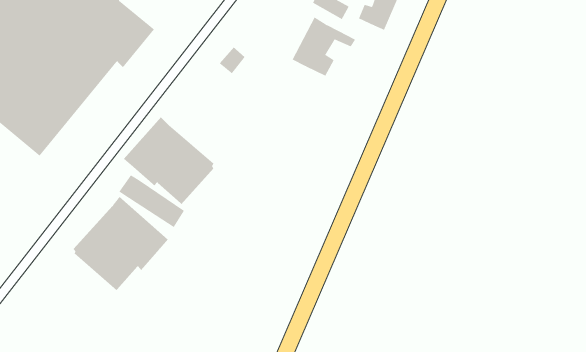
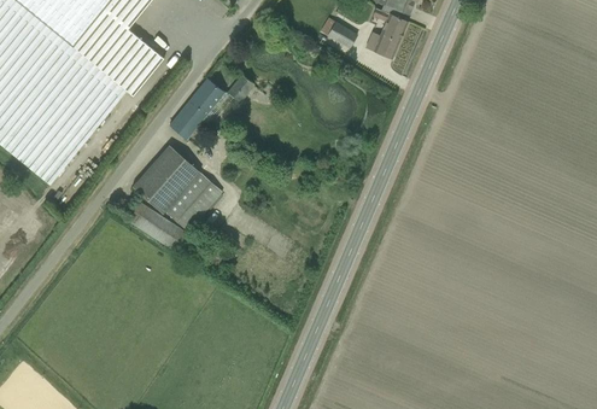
building: [292,16,356,77] -> none
building: none -> [169,77,224,139]
building: [73,196,169,291] -> none

